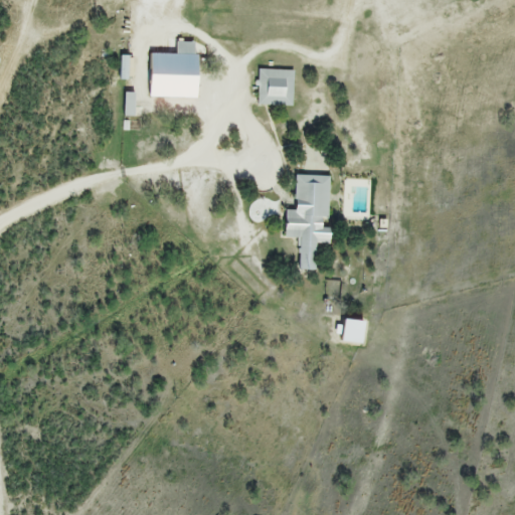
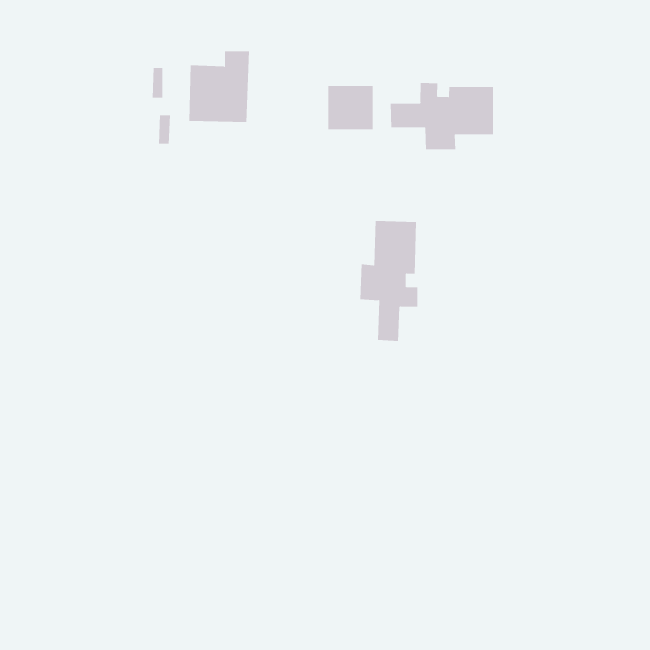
building: none -> [390,82,494,150]
building: [344,319,366,342] -> none

